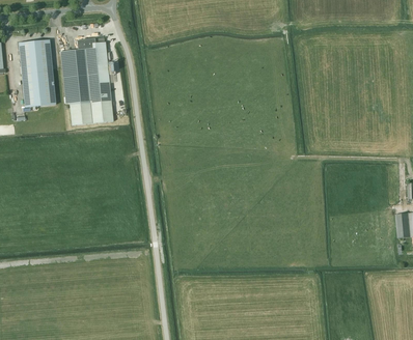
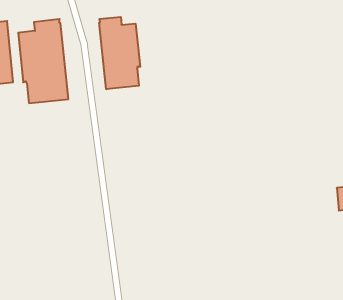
building: none -> [99,17,140,89]

